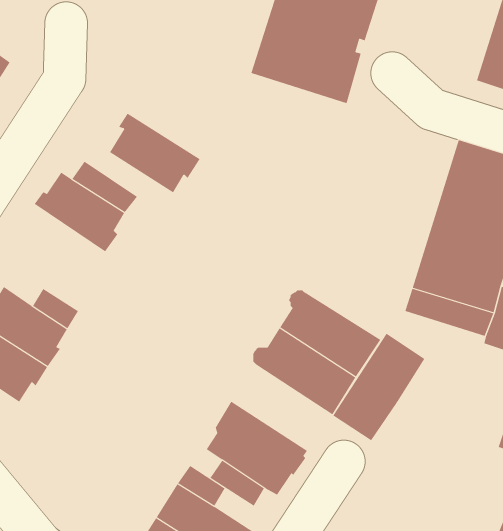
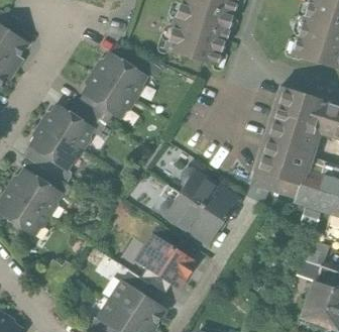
building: none -> [94,53,146,98]
building: none -> [30,123,82,169]
building: [333,333,425,441] -> none

